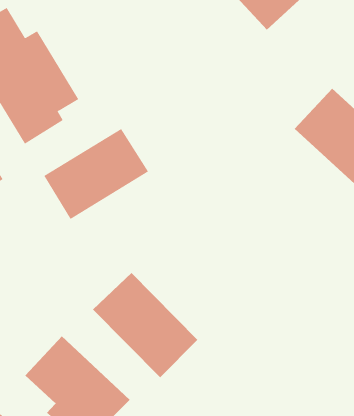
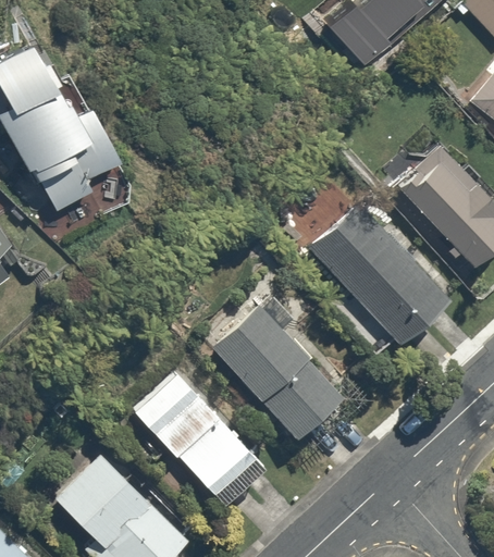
building: [44,128,149,220] -> none
building: none -> [305,203,450,339]
building: none -> [209,296,346,441]

